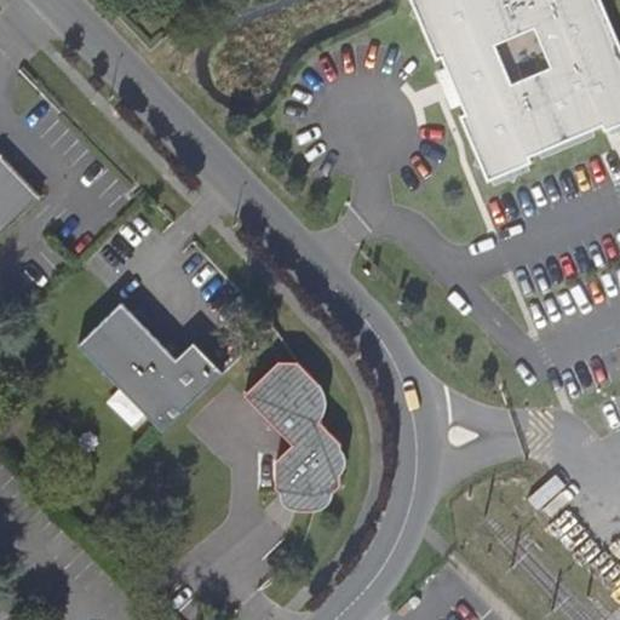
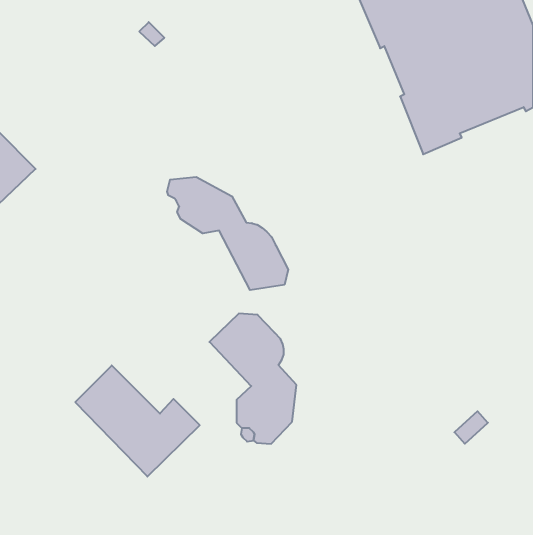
building: none -> [167,177,288,290]
building: [78,303,222,431] -> [75,365,200,477]

